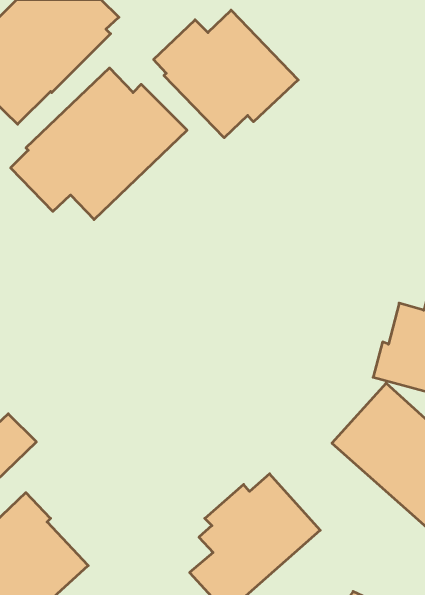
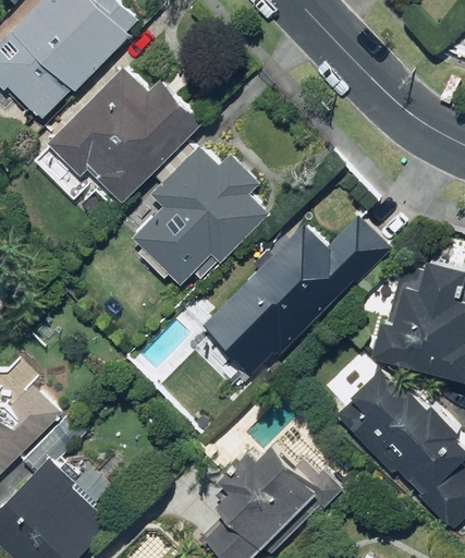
building: [154,10,298,138] -> none
building: none -> [132,145,268,286]
building: none -> [187,215,392,385]

